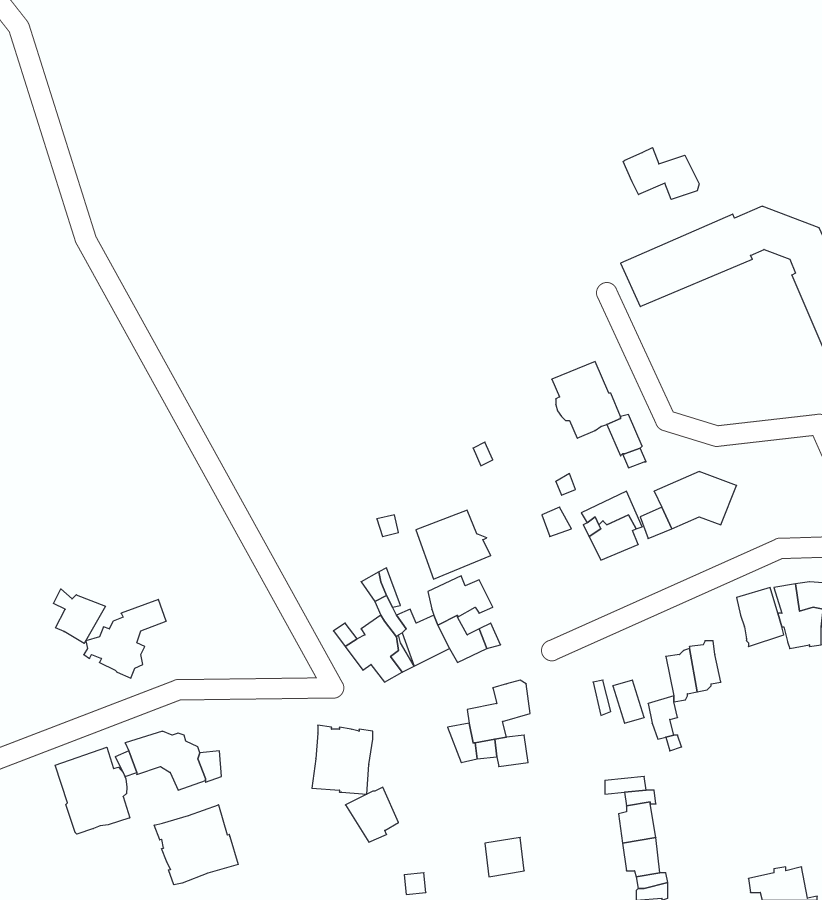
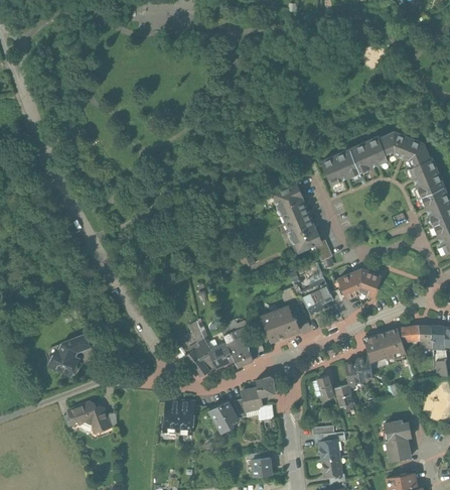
building: [623,148,699,199] -> none
building: none -> [274,185,308,222]
building: [416,510,491,579] -> [261,307,299,342]
building: [53,589,105,643] -> none
building: none -> [363,334,387,363]
building: [55,747,130,834] -> none
building: none -> [385,419,412,460]
building: [345,787,398,842] -> [208,401,236,430]
building: [154,805,238,885] -> none

